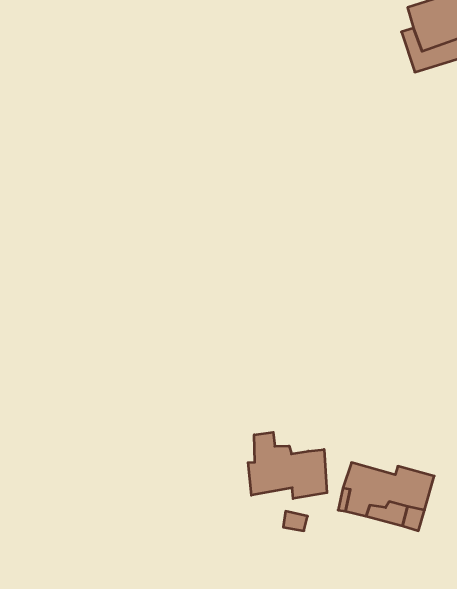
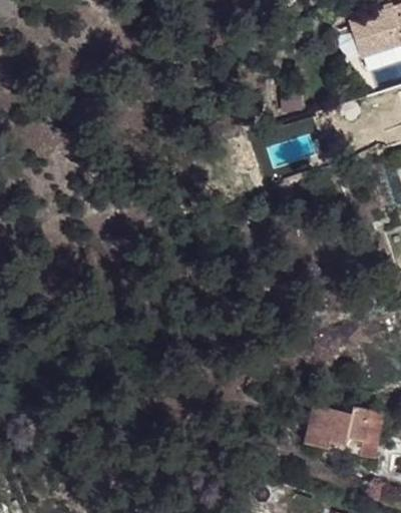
building: [248,432,327,499] -> none

